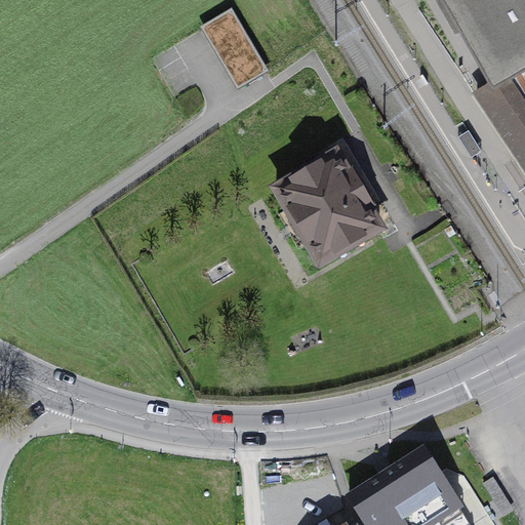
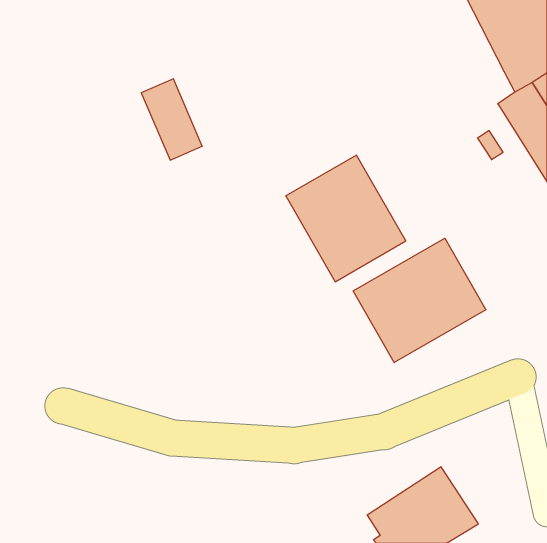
building: [207,4,266,82] -> [141,79,202,160]
building: none -> [353,238,486,363]

